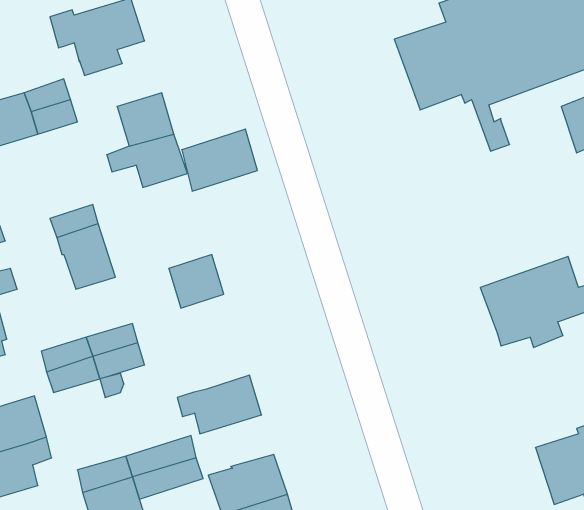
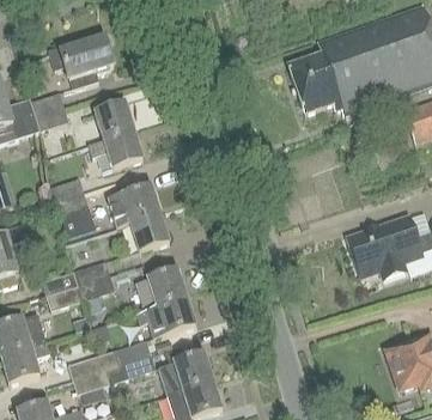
building: [182,129,257,191] -> [108,184,160,227]
building: none -> [135,268,187,309]

